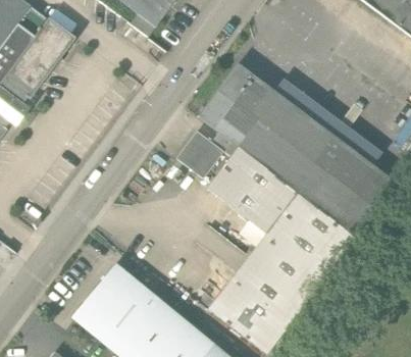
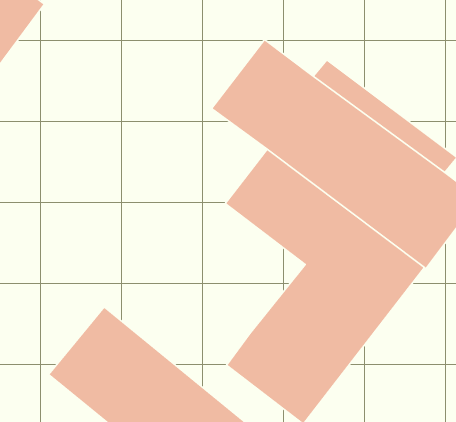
building: [175,131,224,180] -> none

